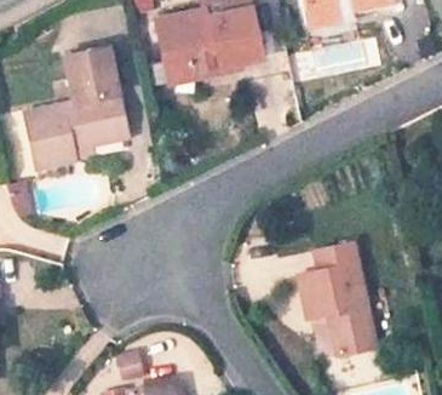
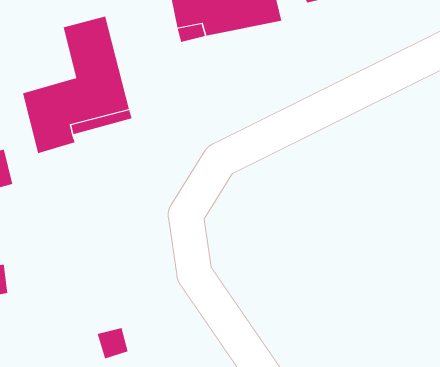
building: [311,246,388,361] -> none

